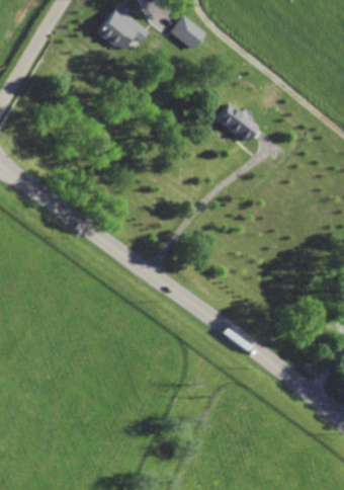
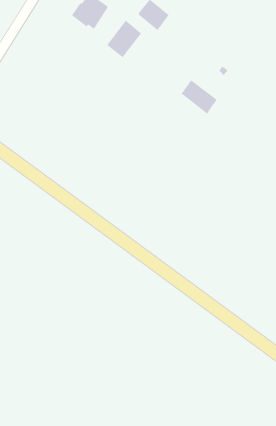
building: none -> [106,20,142,58]

